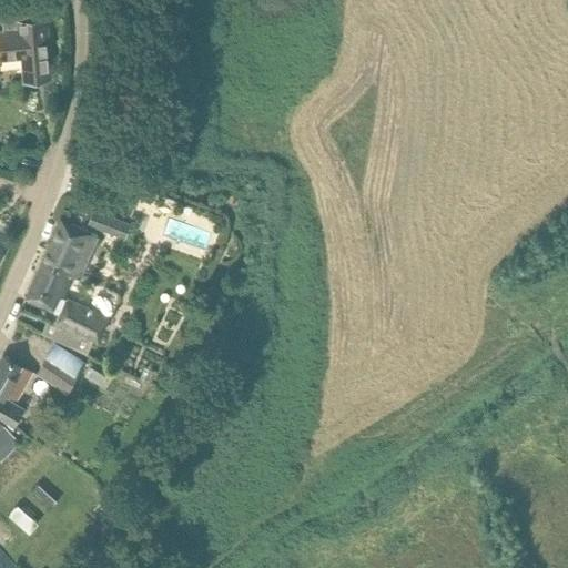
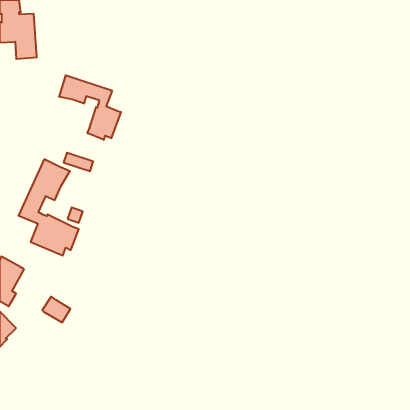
building: none -> [59,75,121,140]
building: [37,354,75,389] -> [42,297,70,322]

